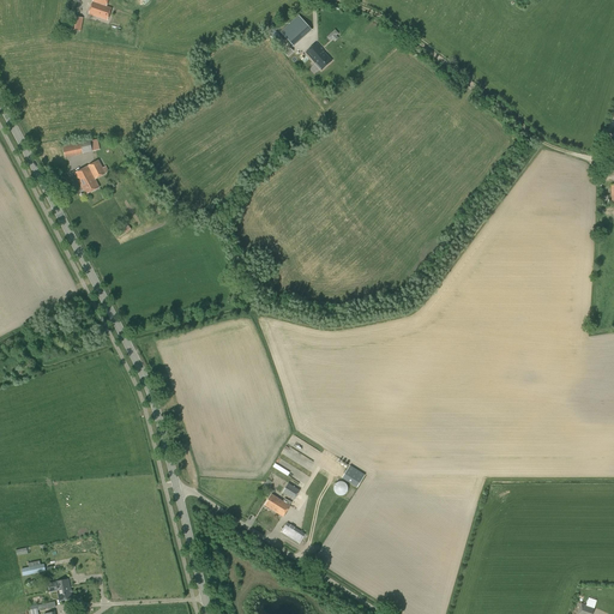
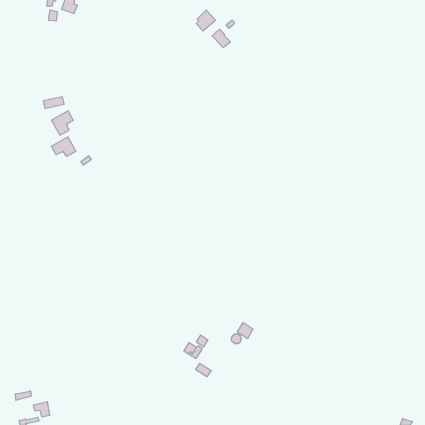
building: none -> [51,137,76,156]

